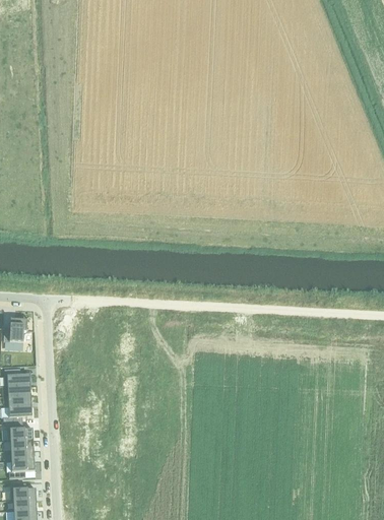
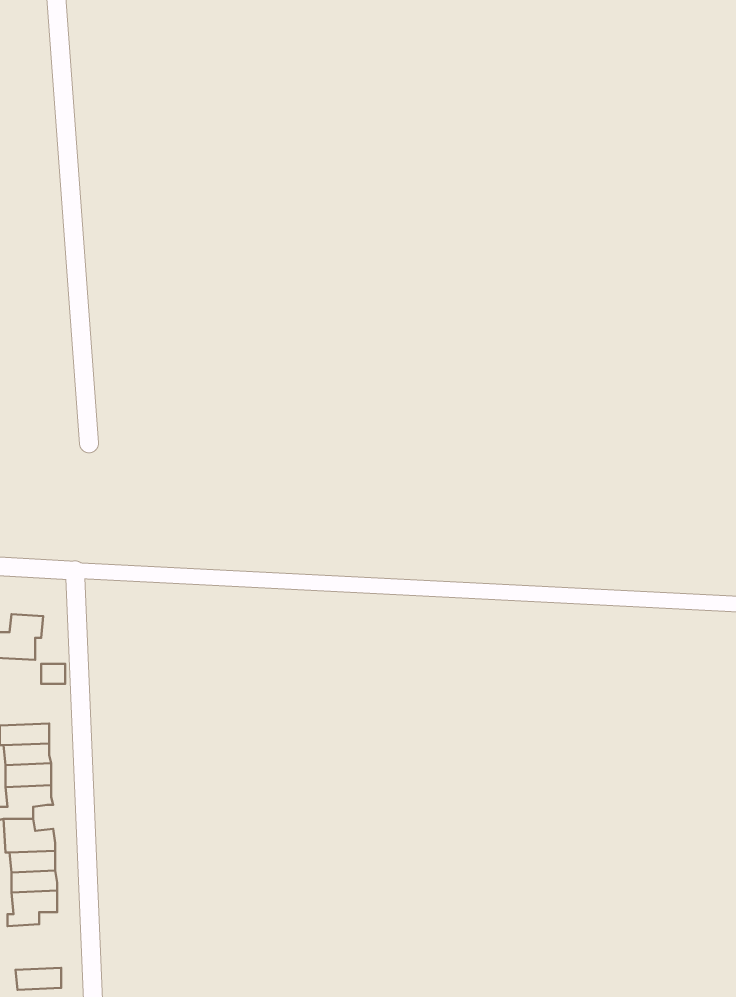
building: [9,482,36,500] -> none

